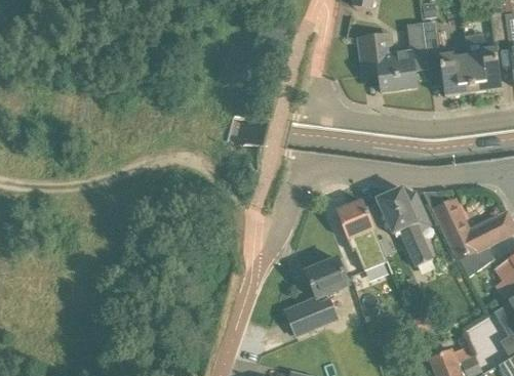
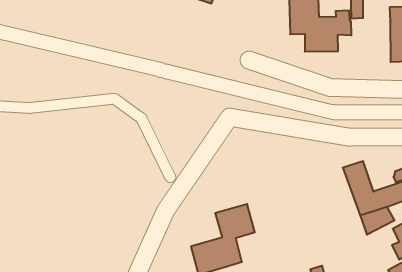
building: [439,49,472,95] -> none
building: [375,187,433,258] -> none
building: [335,200,373,255] -> none

